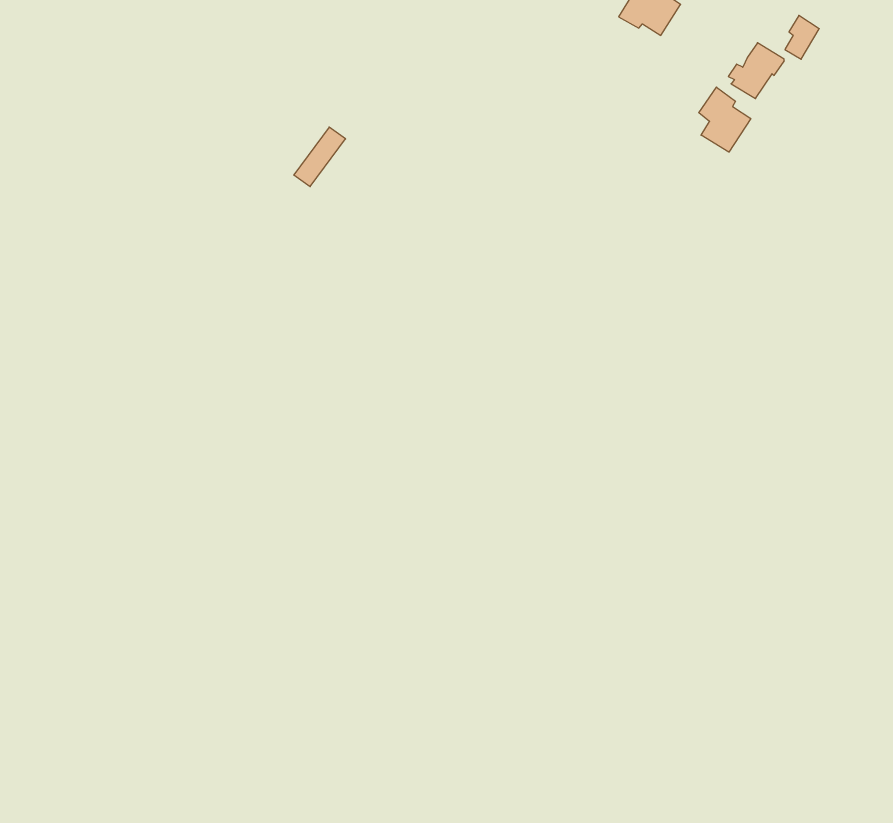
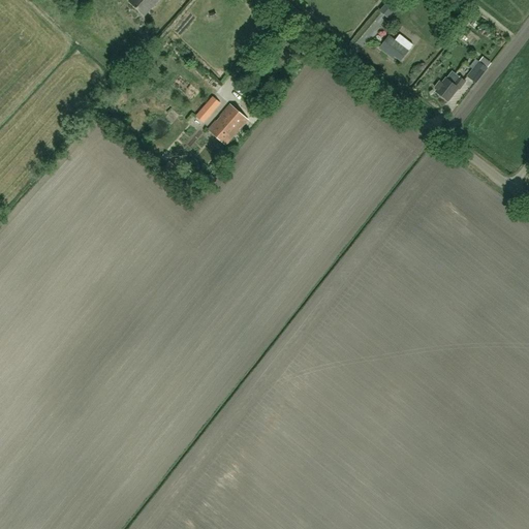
building: [699,87,751,152] -> none
building: none -> [208,103,247,145]

